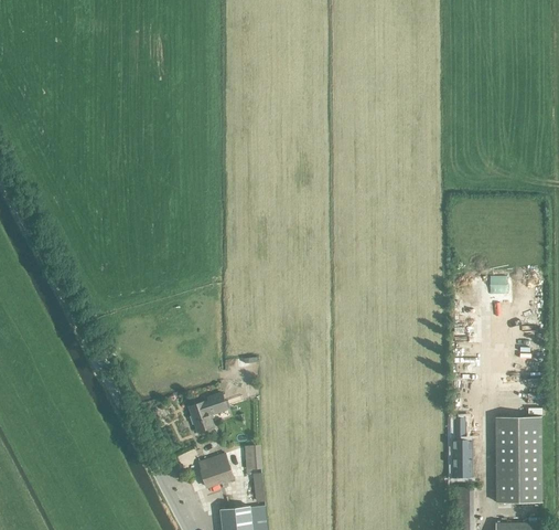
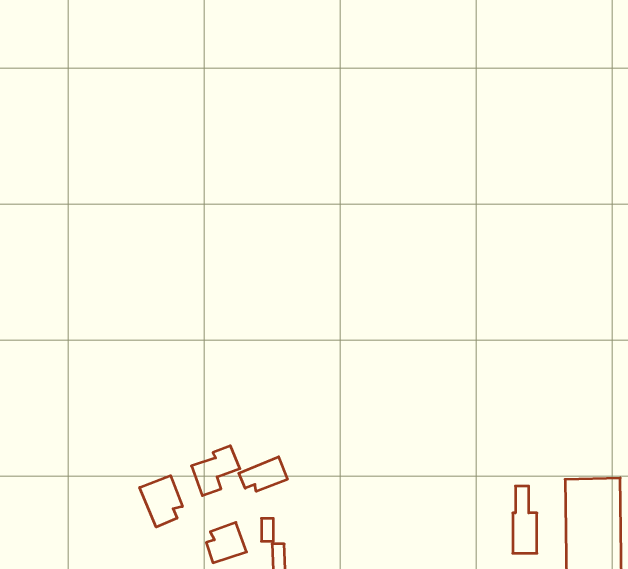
building: none -> [239,457,287,491]
building: none -> [140,476,182,527]

